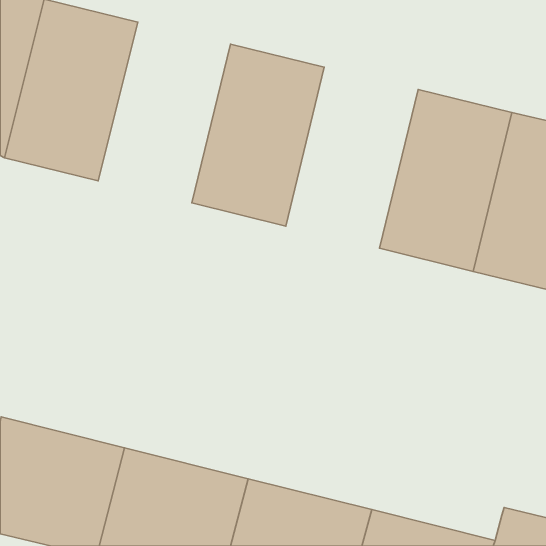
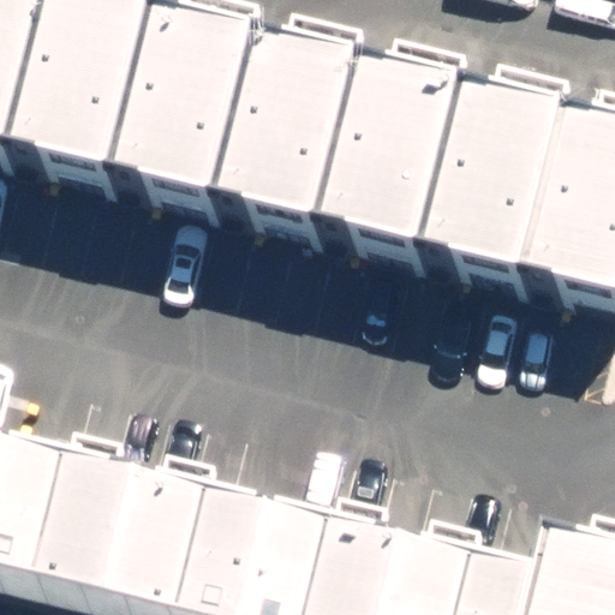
building: none -> [126,24,270,221]
building: none -> [330,73,474,270]

